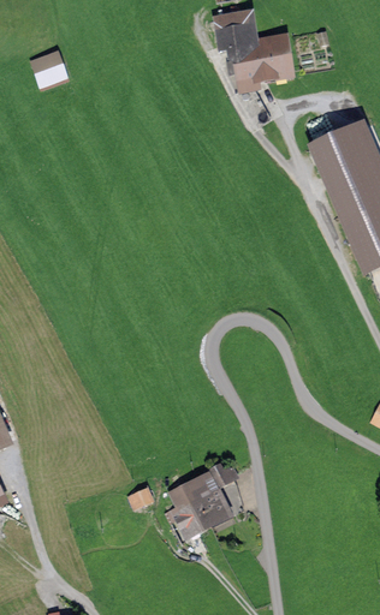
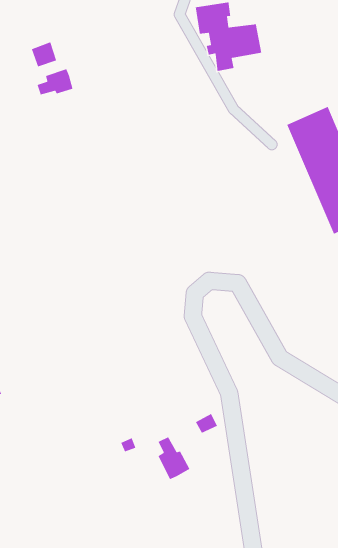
building: none -> [37,68,73,95]
building: [186,474,227,521] -> none

